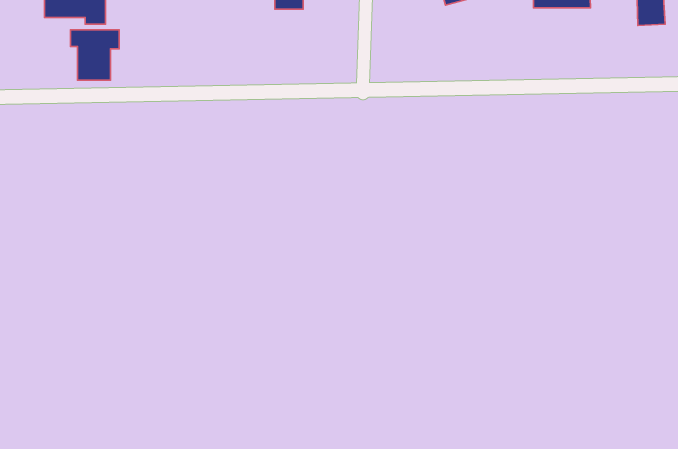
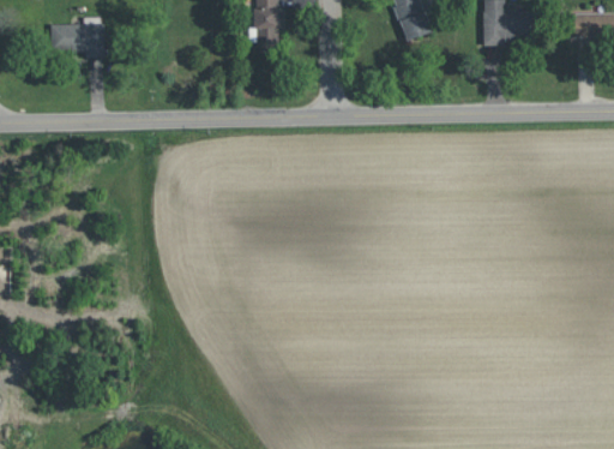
building: [70,30,119,80] -> none

